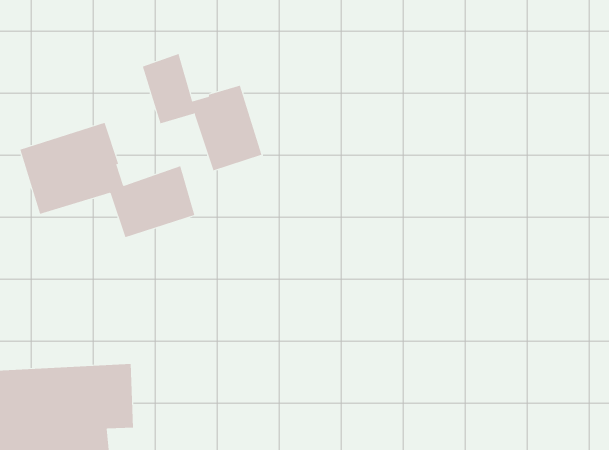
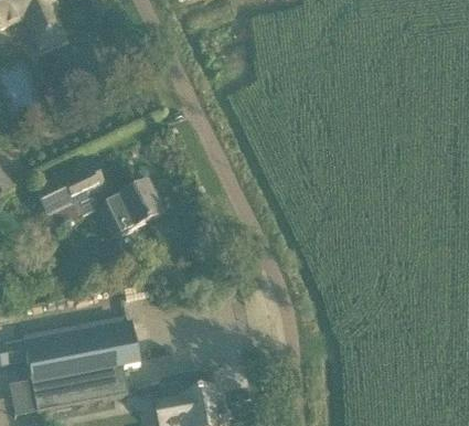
building: [142,53,262,171] -> none

